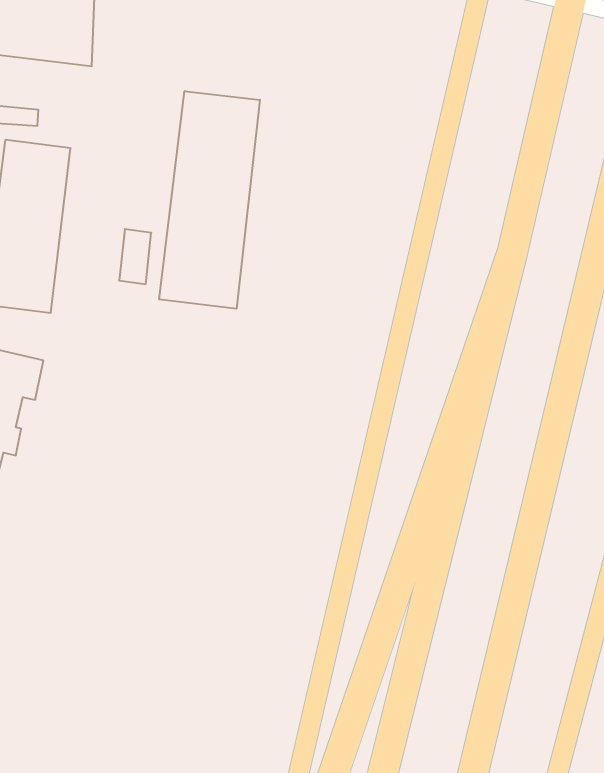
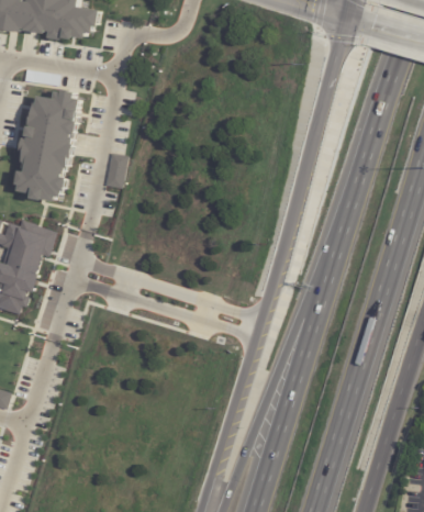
building: [159,91,260,309] -> none

